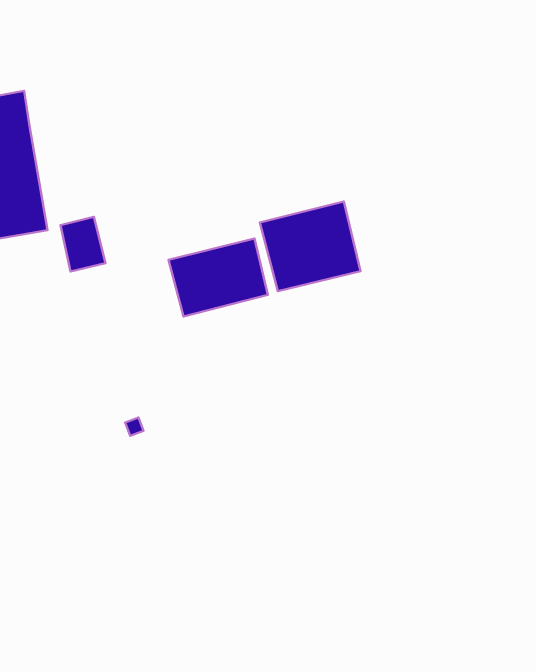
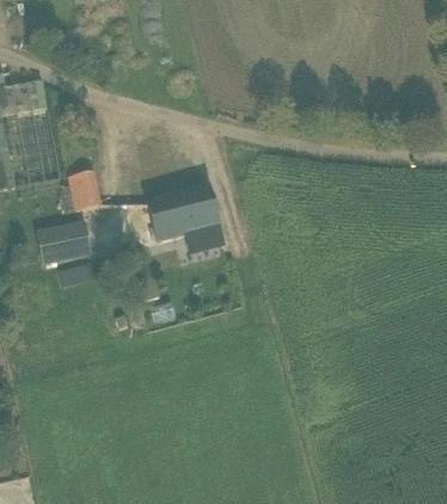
building: [260,201,360,291] -> none
building: none -> [37,222,91,259]

